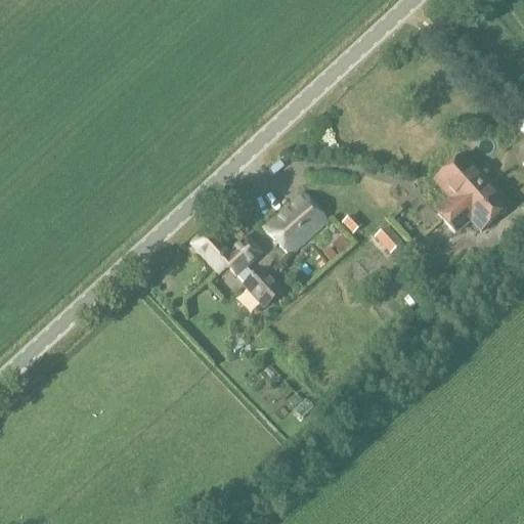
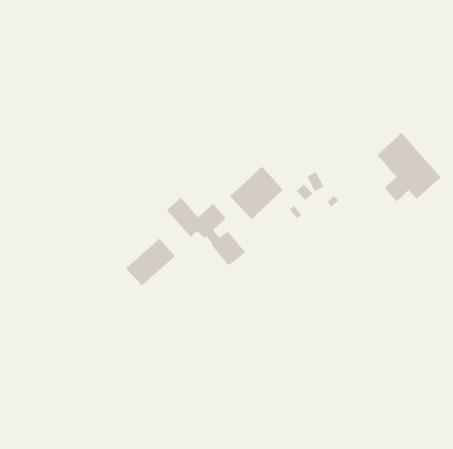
building: none -> [125,238,176,286]

